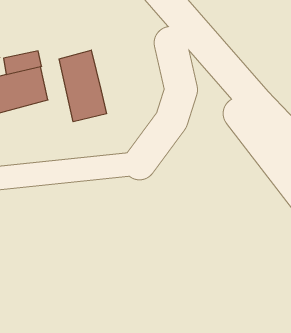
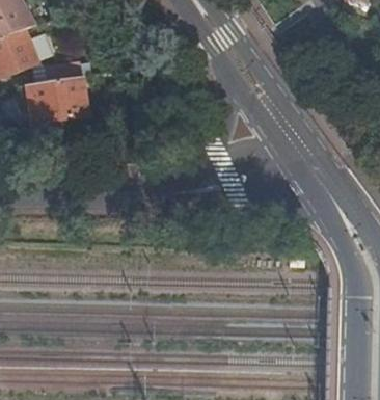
building: [59,50,106,122] -> none

